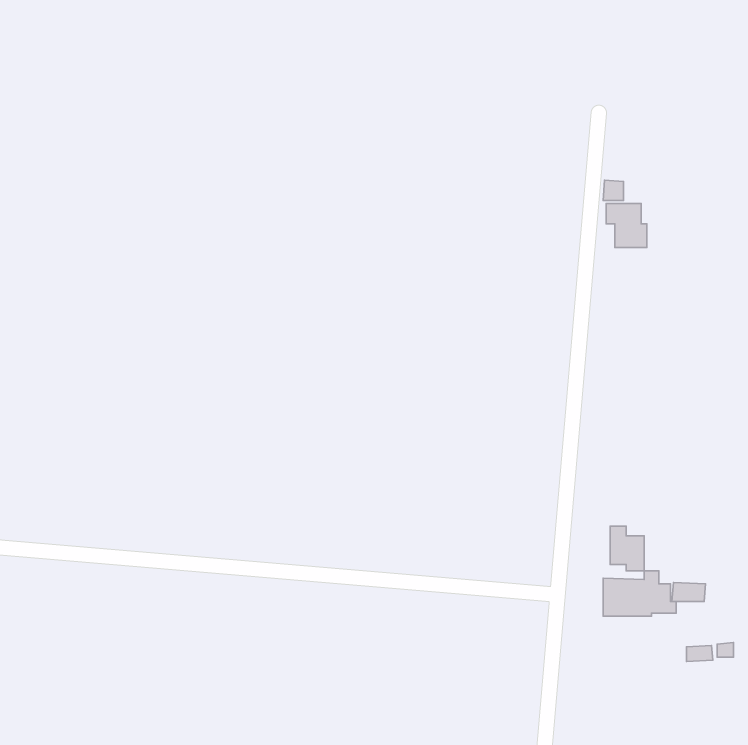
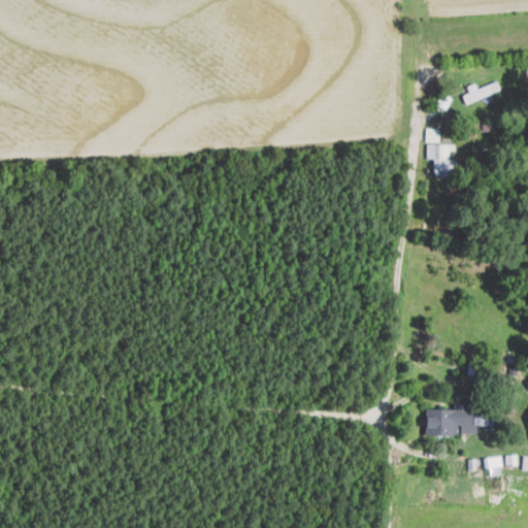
building: none -> [462,82,500,103]
building: [610,526,644,571] -> none

